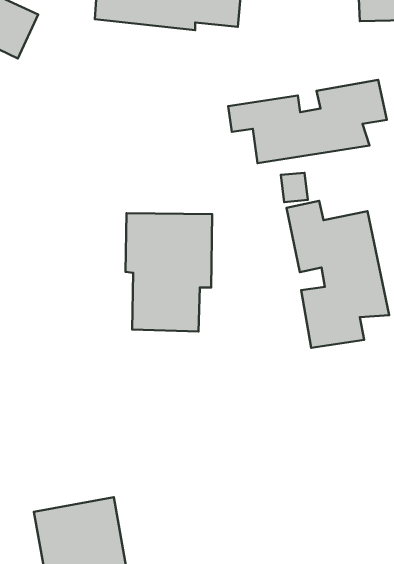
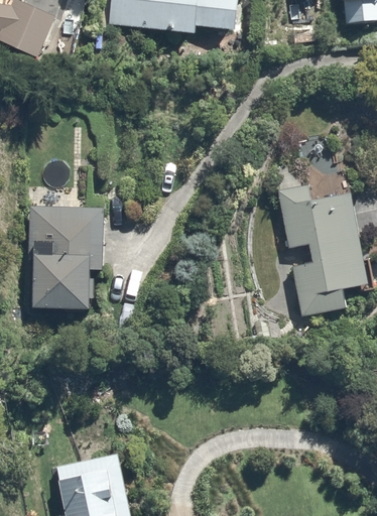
building: [228,80,387,163] -> none
building: [125,213,212,332] -> [26,205,104,310]

